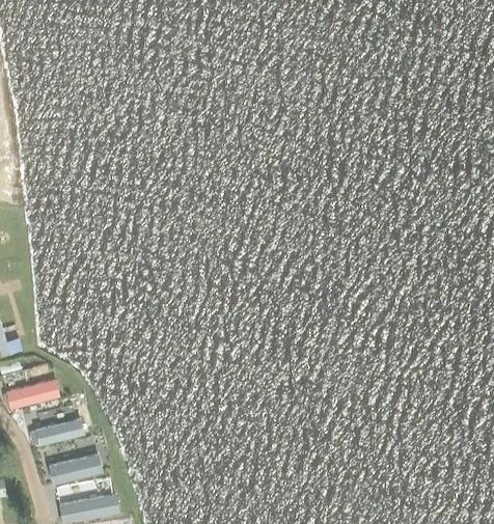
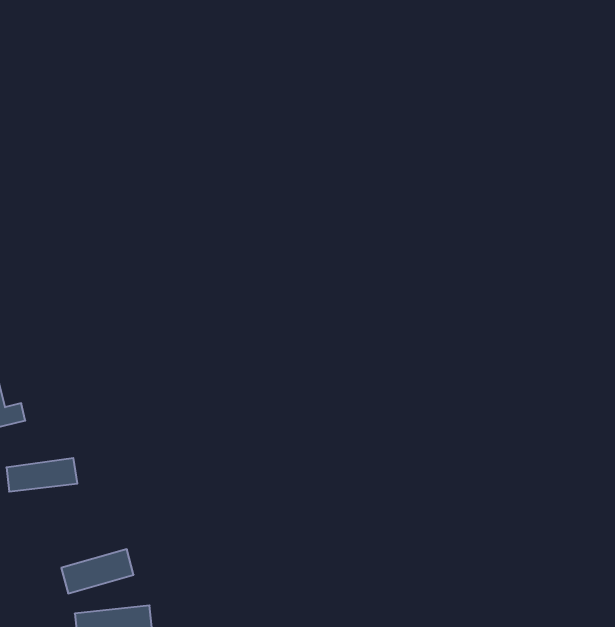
building: [25,419,84,445] -> none

